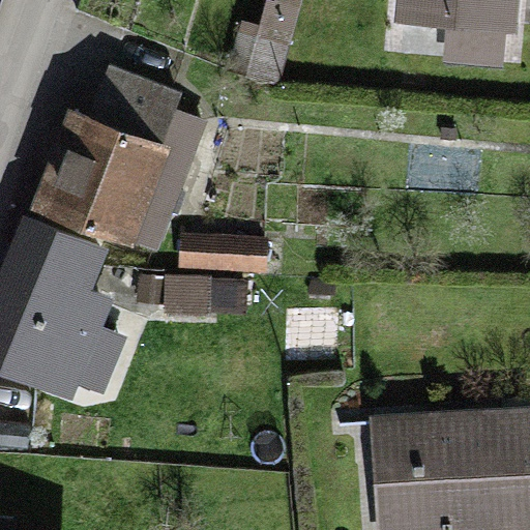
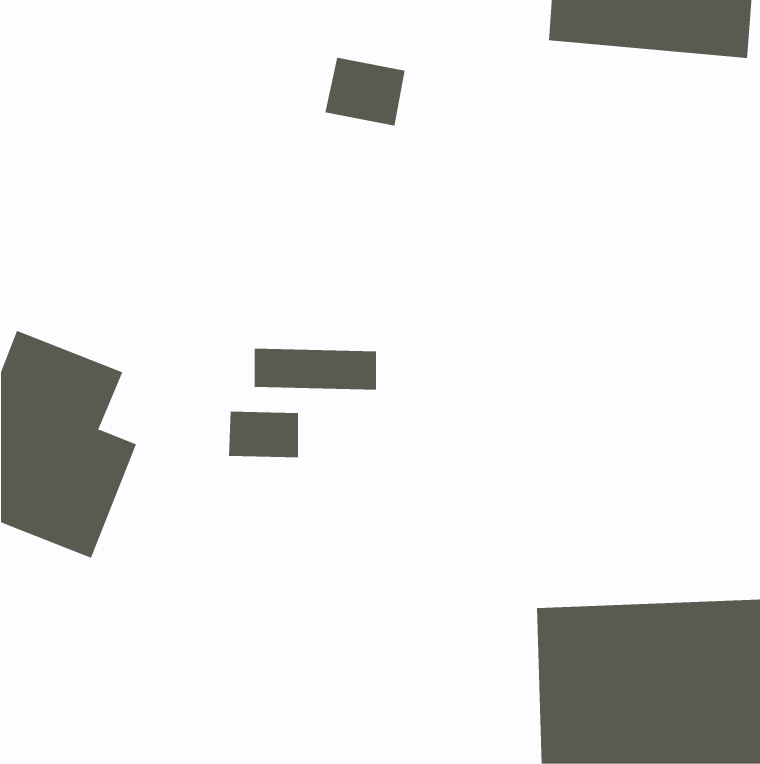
building: [35,65,203,251] -> none

